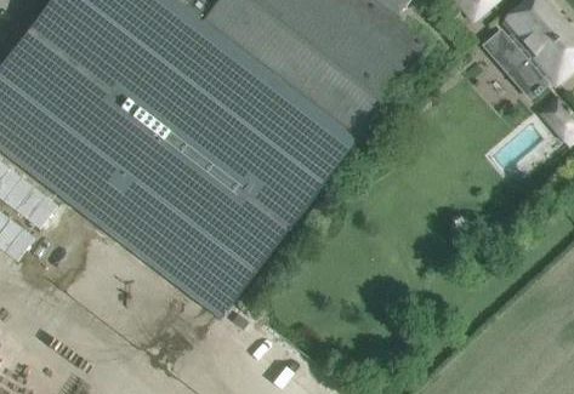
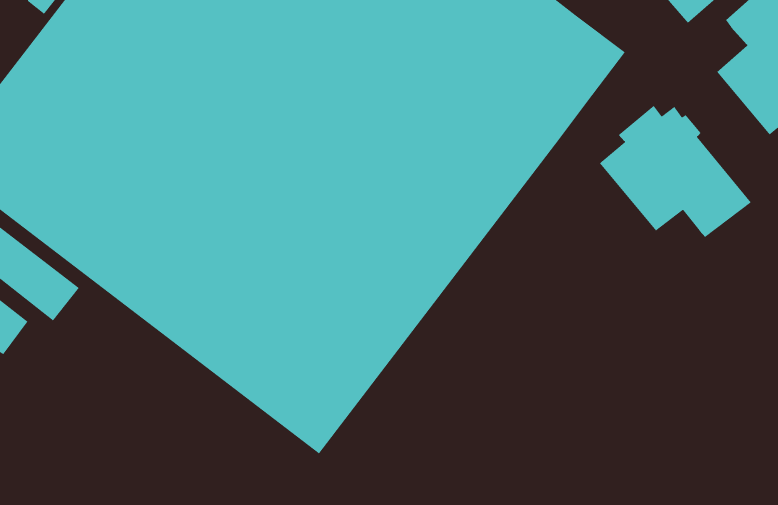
building: none -> [599,105,752,238]

